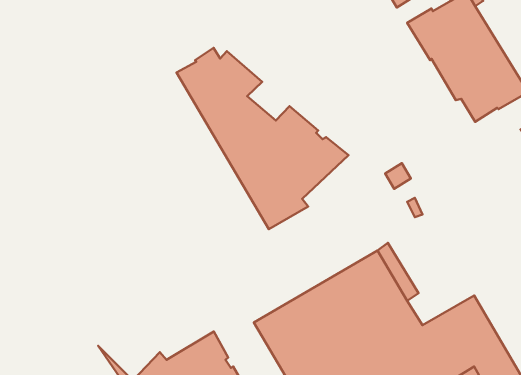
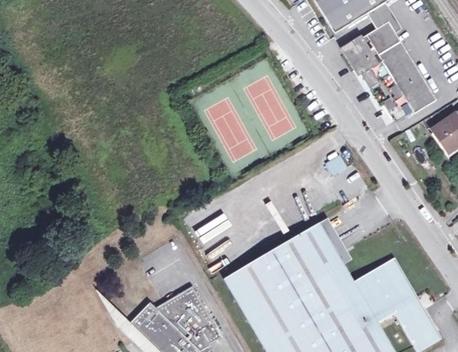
building: [177,48,348,229] -> none

